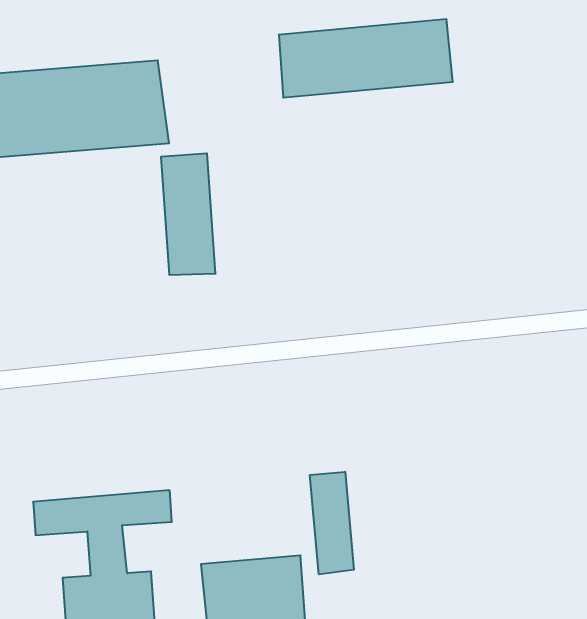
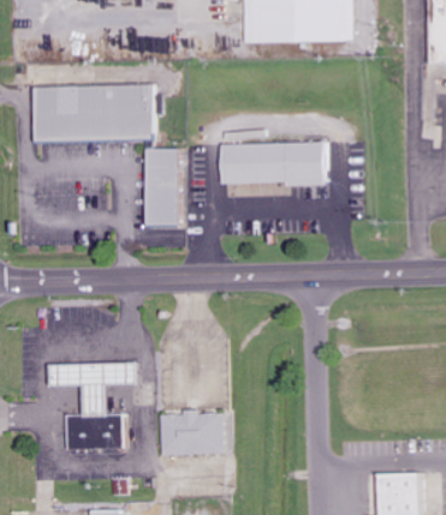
building: [279,19,453,98] -> [220,143,331,186]
building: [310,472,354,574] -> none

